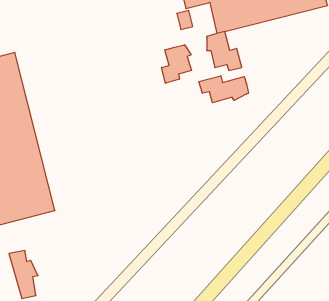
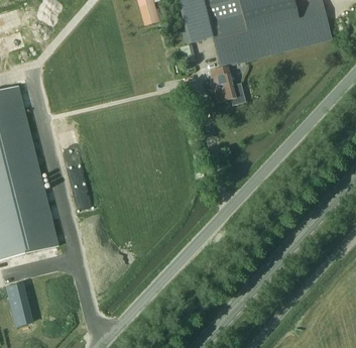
building: [162,45,191,83] -> none
building: [199,76,248,103] -> none

